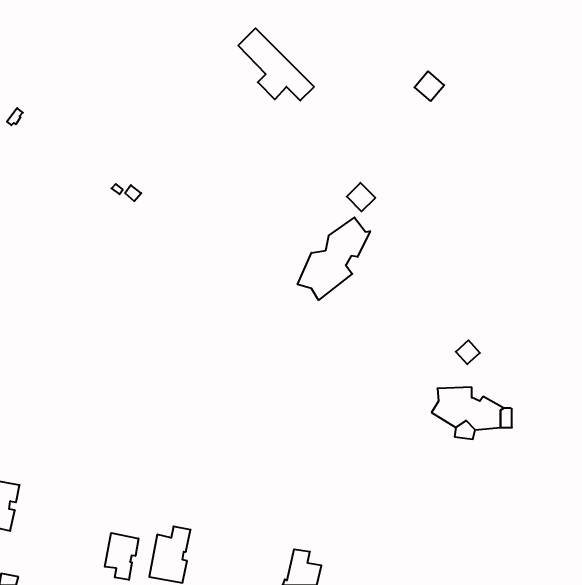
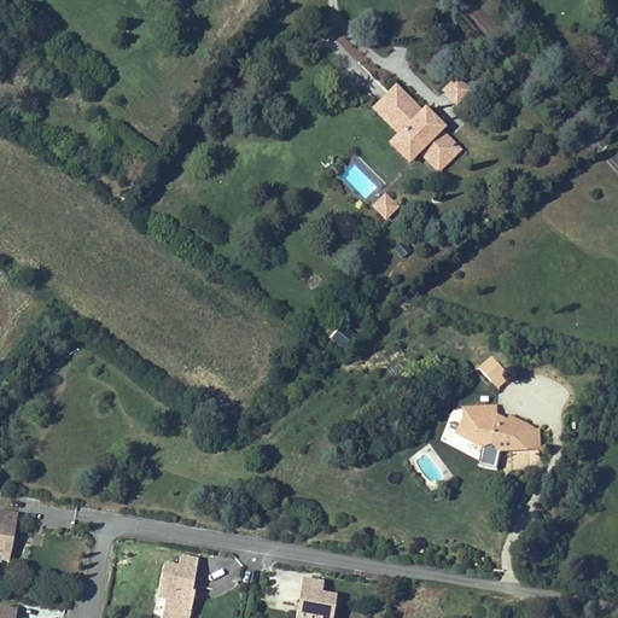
building: [238,28,314,101] -> [371,82,450,158]
building: [298,217,370,300] -> none
building: [105,533,138,580] -> none

